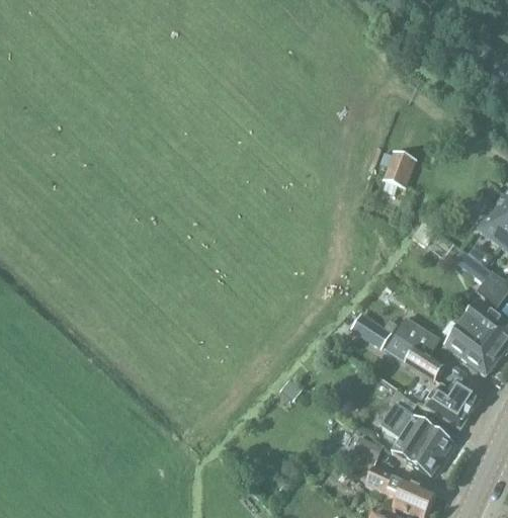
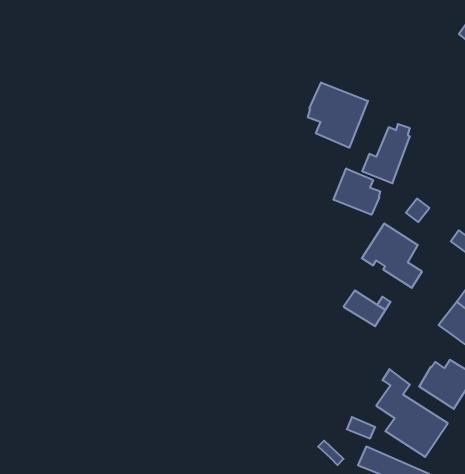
building: none -> [308,82,368,148]
building: none -> [334,168,380,215]
building: [385,316,444,379] -> [362,224,422,288]

